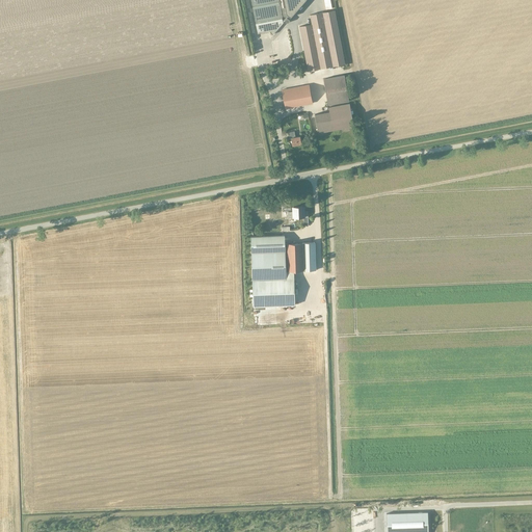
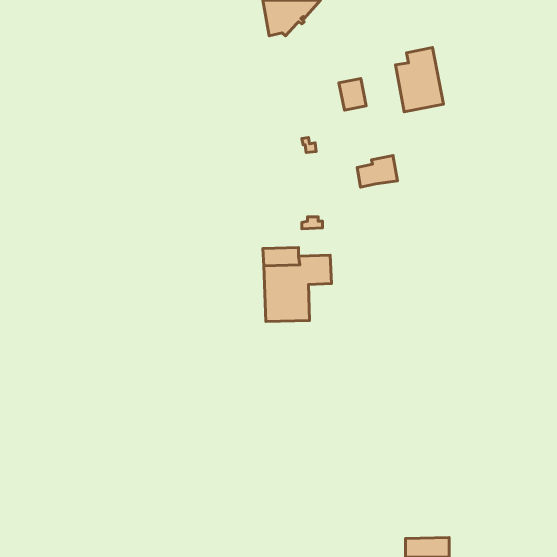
building: [299,9,345,71] -> [395,48,443,112]
building: [282,85,313,108] -> none
building: [315,103,353,133] -> [357,156,398,187]

